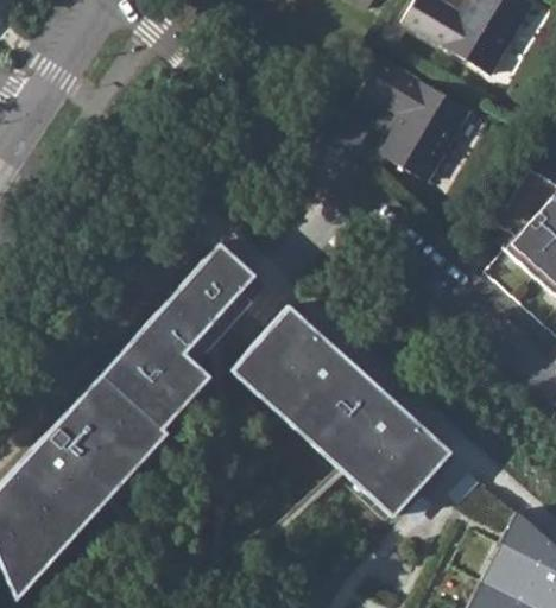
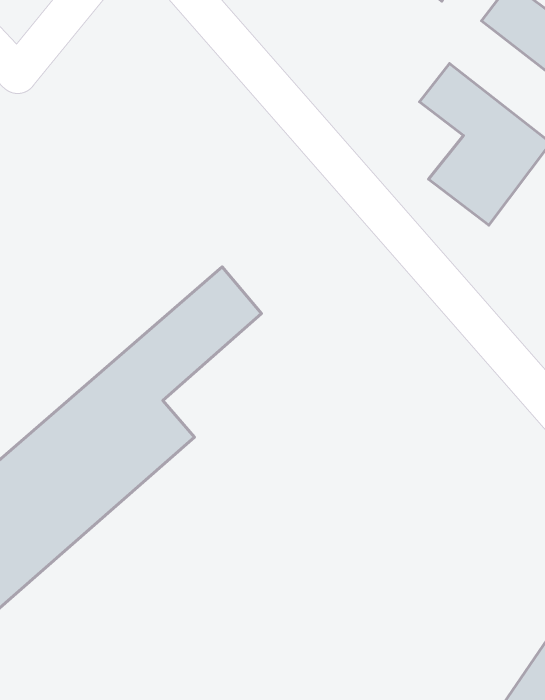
building: [232,305,453,517] -> none

